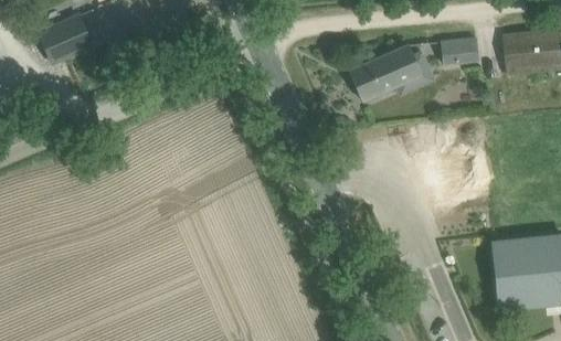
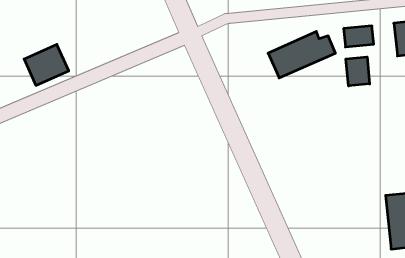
building: [39,14,93,64] -> [24,44,69,85]
building: none -> [346,57,370,86]

